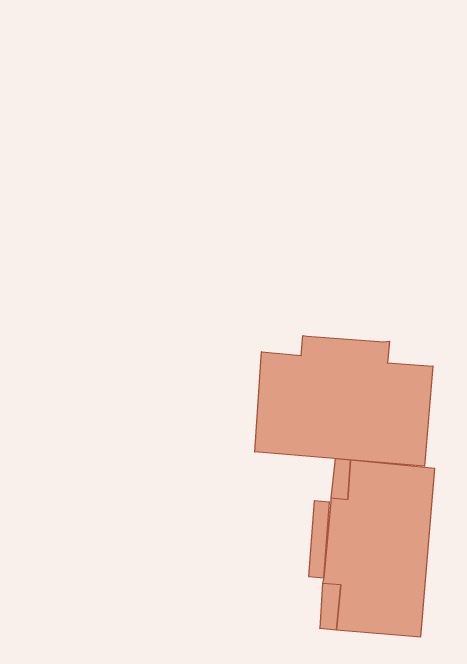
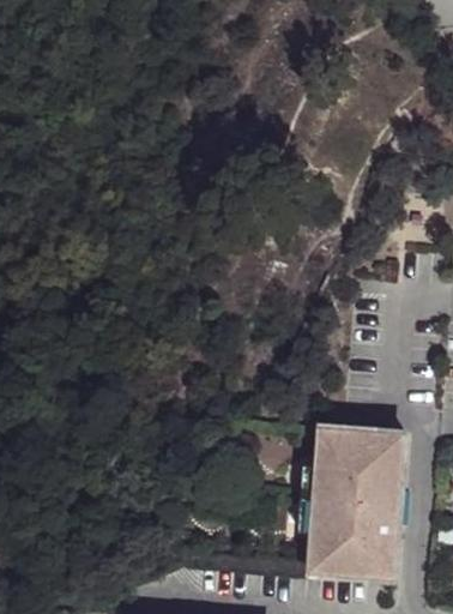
building: [255,336,433,466] -> none

